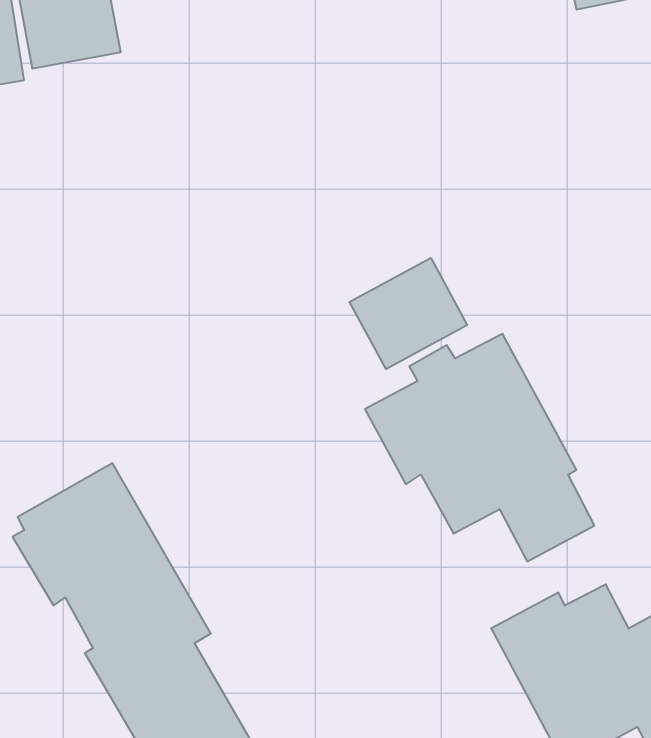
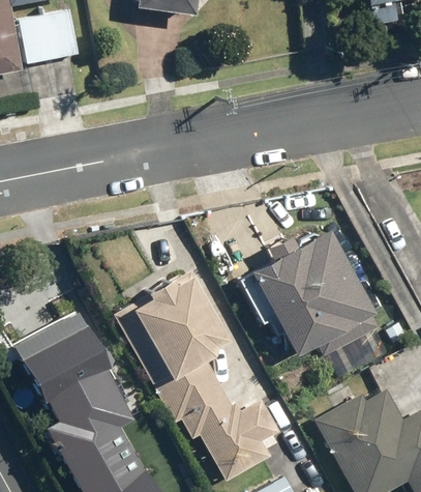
building: [350,258,467,369] -> none
building: none -> [116,273,278,480]

